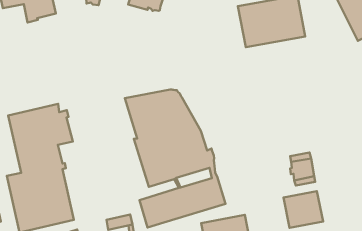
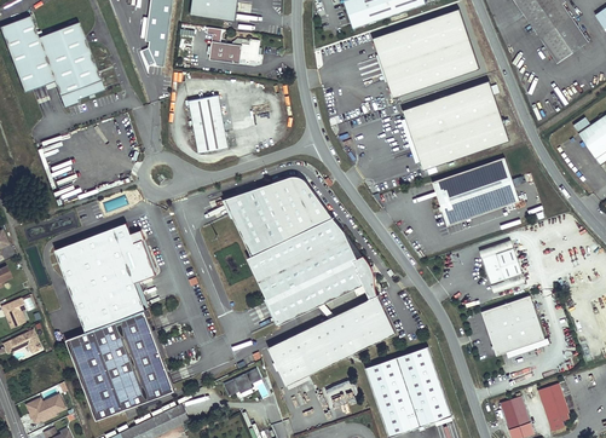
building: none -> [183,94,226,152]
building: none -> [400,80,508,169]
building: none -> [431,156,518,225]

